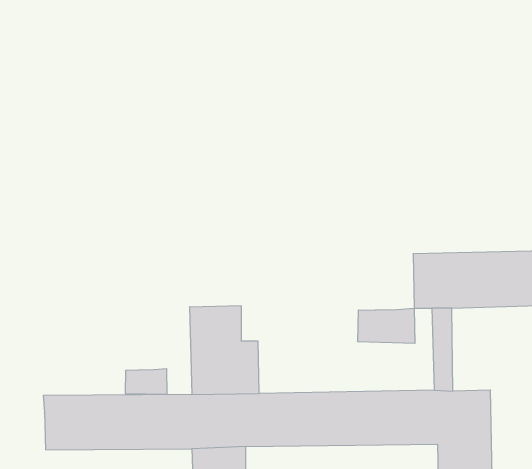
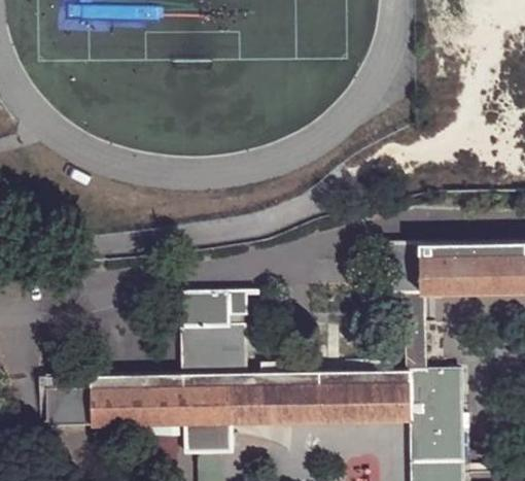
building: [358,308,415,343] -> none
building: [125,369,167,395] -> none

